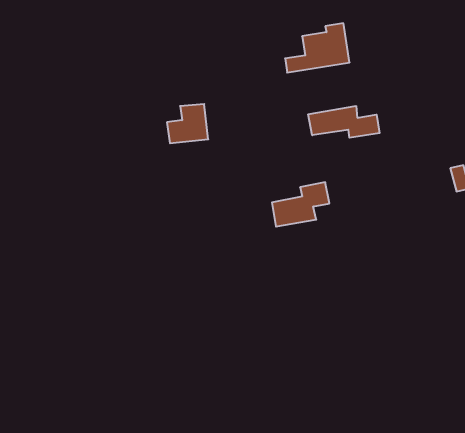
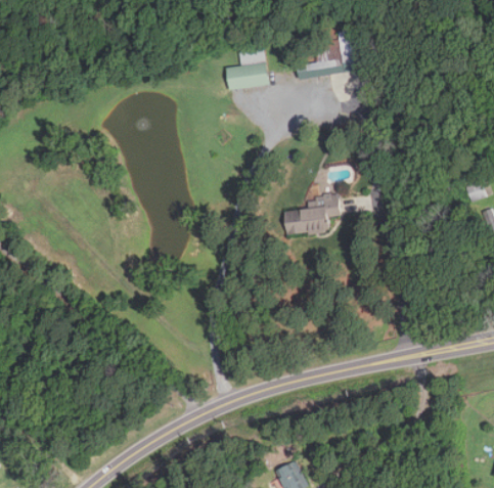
building: [167,104,208,143] -> [226,49,268,89]
building: [308,106,380,138] -> none

